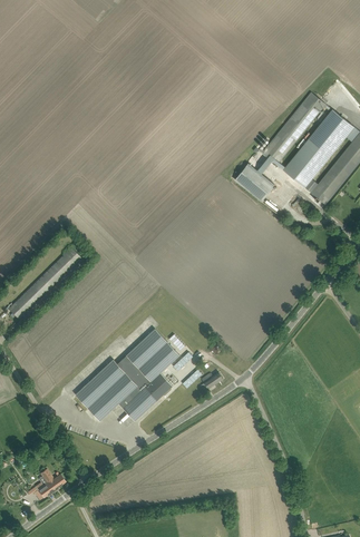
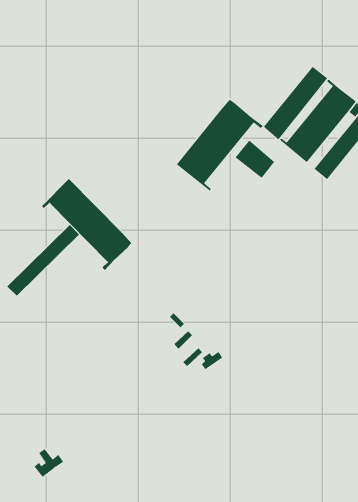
building: none -> [176,99,264,192]
building: none -> [41,178,132,271]
building: [75,330,178,422] -> none

